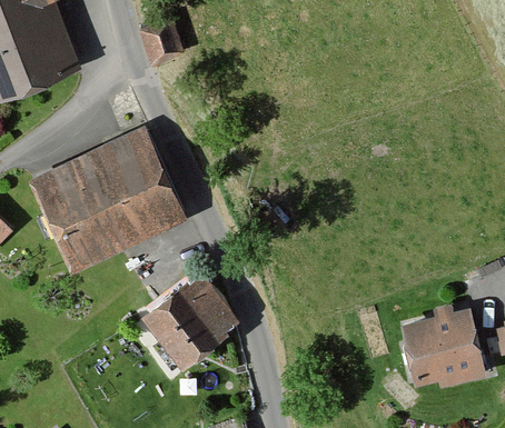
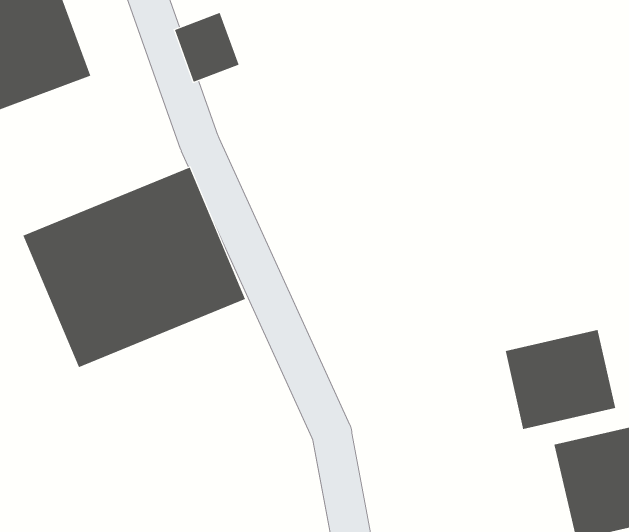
building: none -> [505,329,616,430]
building: [138,272,238,370] -> none

